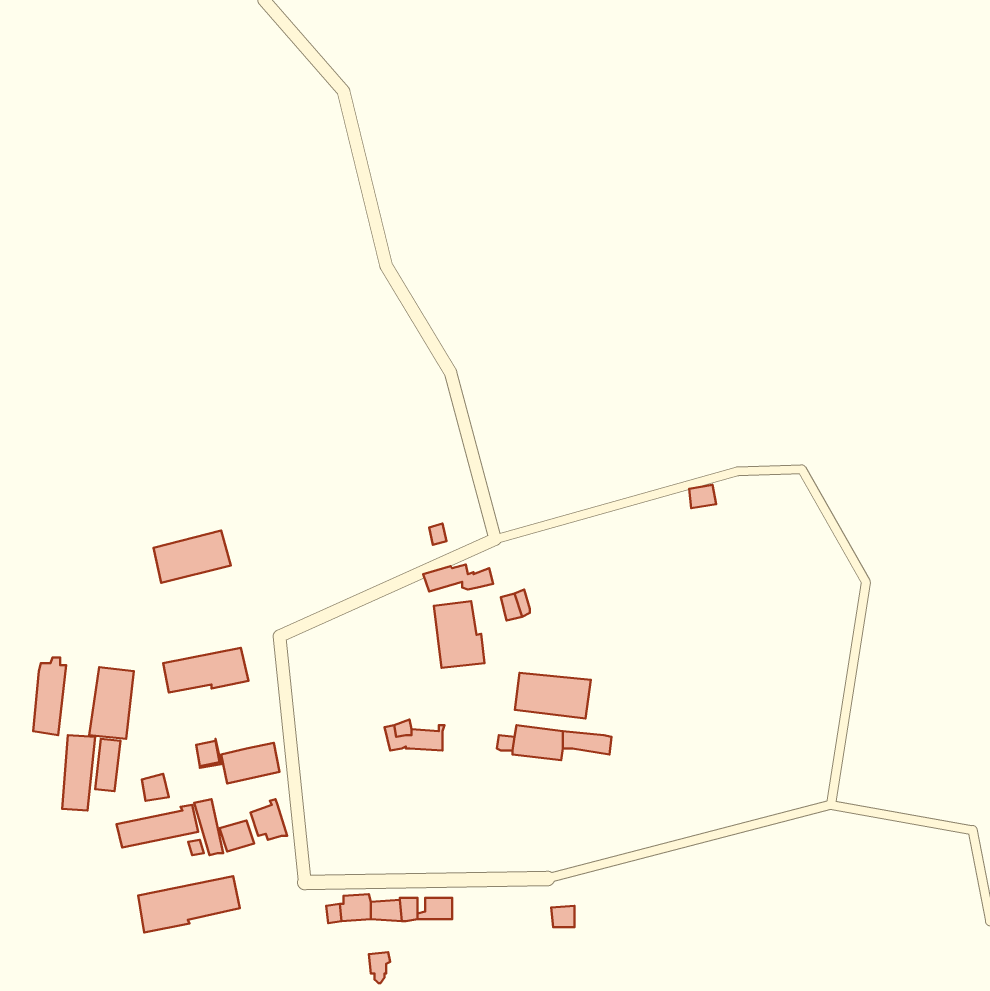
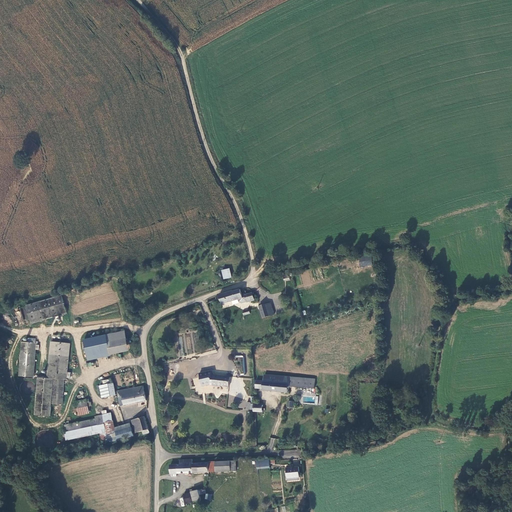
building: [153,530,231,583] -> [27,297,67,324]
building: [434,601,484,668] -> none
building: [515,673,591,719] -> none
building: [138,876,240,933] -> none

